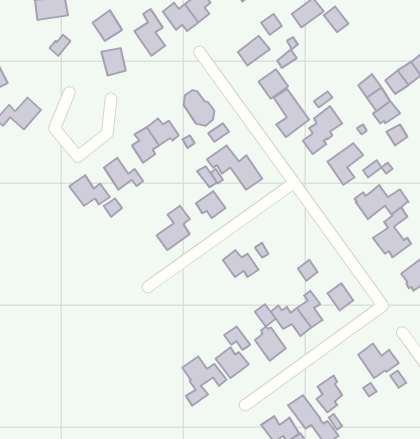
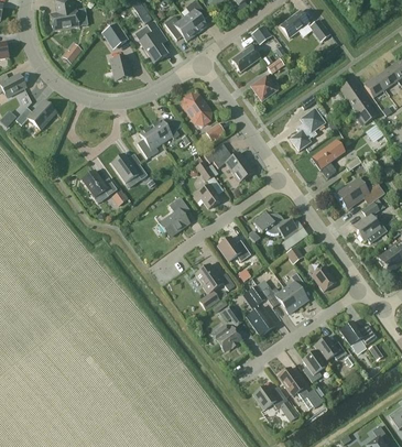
building: [273,89,309,137] -> none
building: none -> [253,211,300,241]
building: [182,356,227,406] -> [196,264,236,308]
building: none -> [315,337,347,363]

